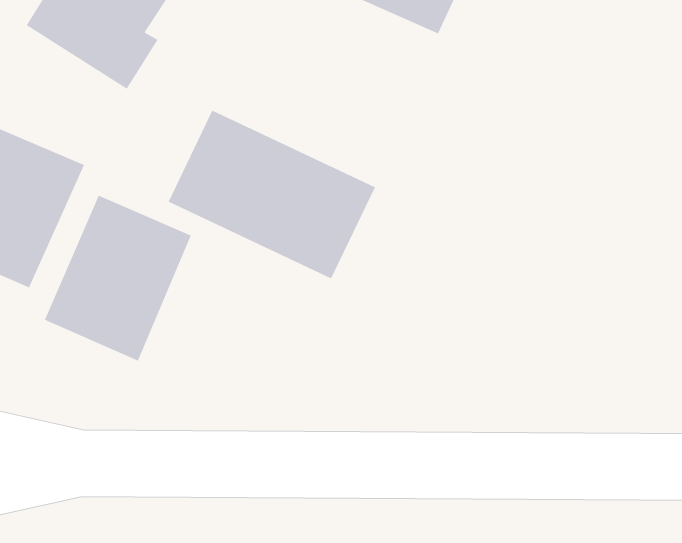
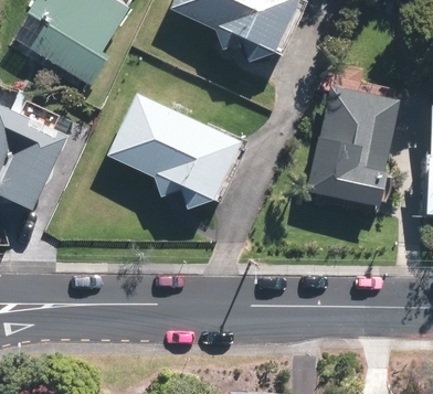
building: none -> [311,92,397,203]
building: [44,195,191,362] -> none

